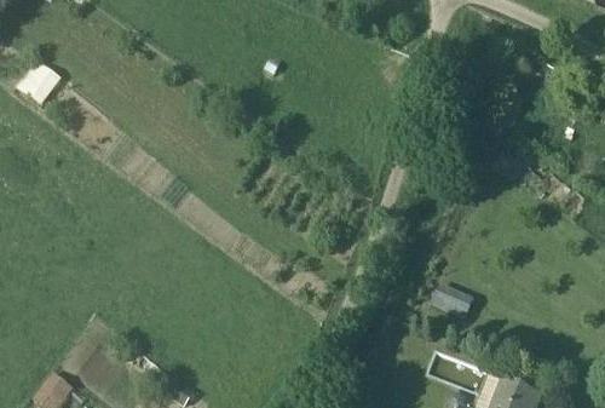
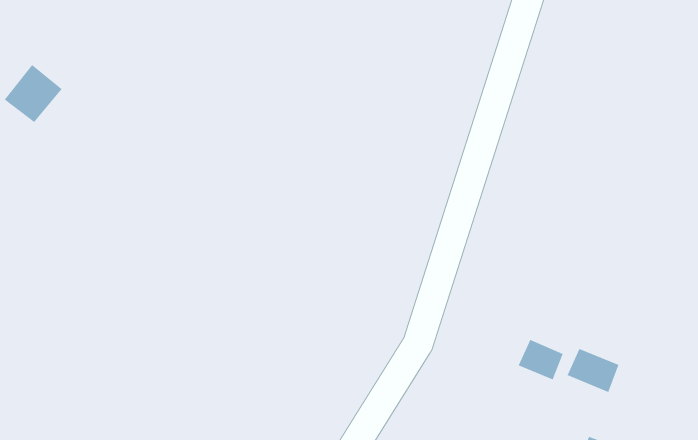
building: none -> [567,348,619,393]

